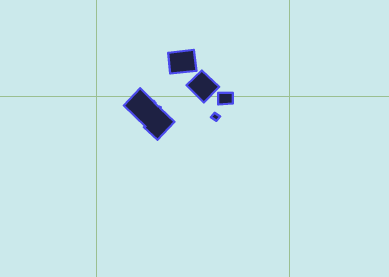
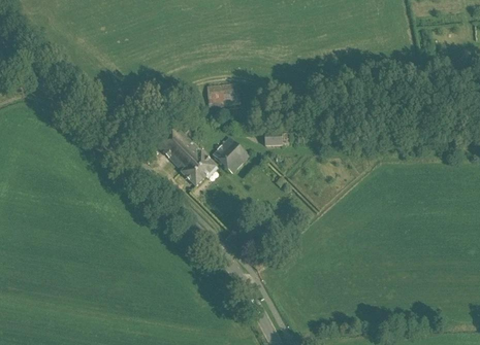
building: [186,71,219,102] -> [212,137,249,173]

